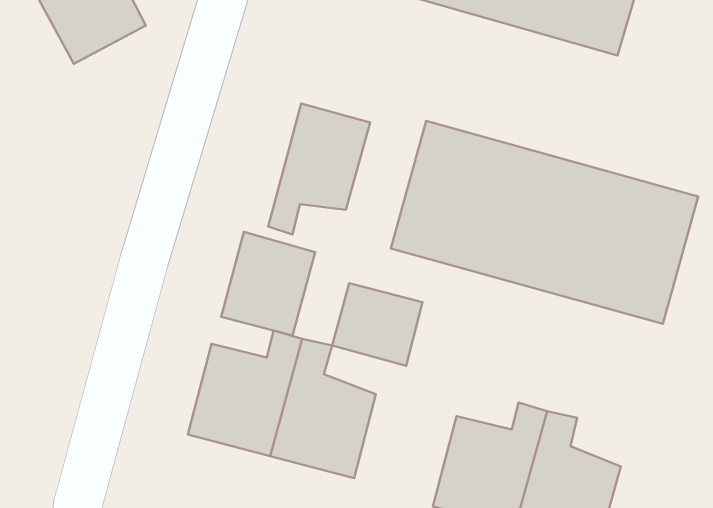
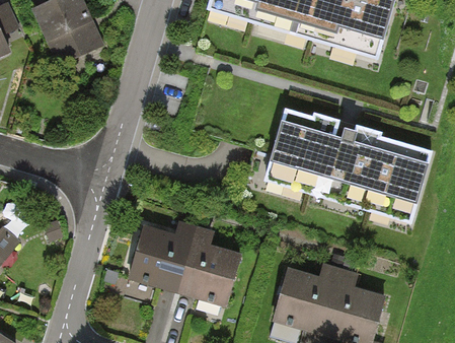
building: [268,103,370,234] -> none
building: [221,232,315,336] -> none
building: [332,283,423,366] -> none

